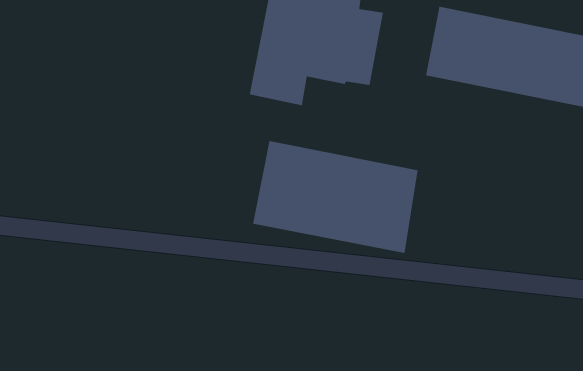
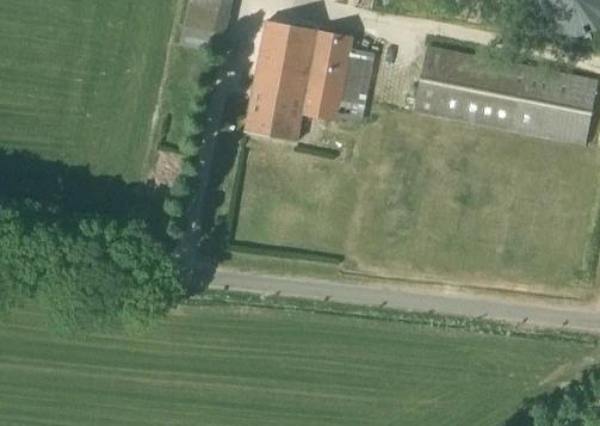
building: [252,140,418,254] -> none

